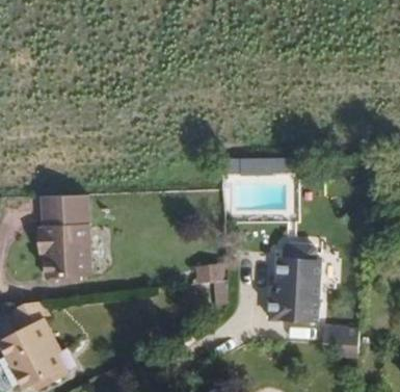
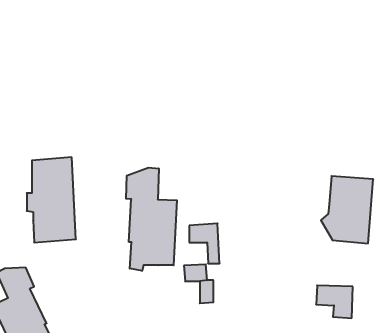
building: none -> [126,168,177,271]
building: [268,256,320,322] -> [321,176,373,243]

